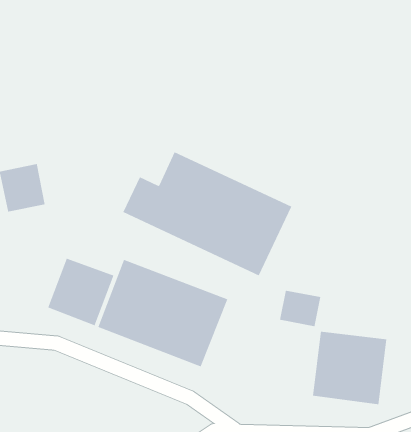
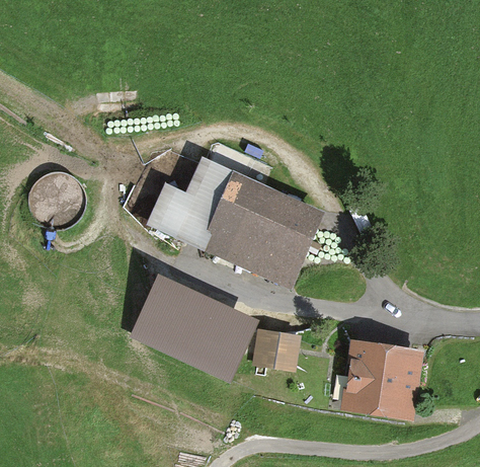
building: [47,258,114,326] -> none
building: [279,290,321,327] -> [254,333,297,371]

